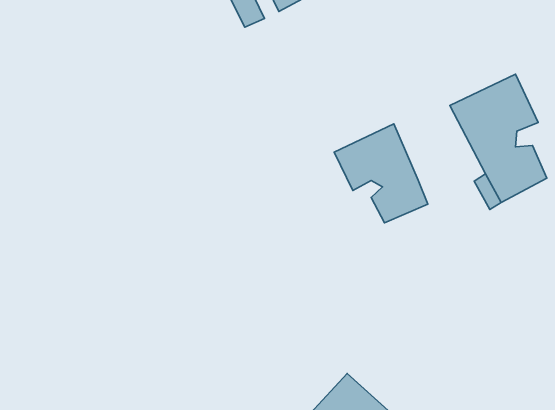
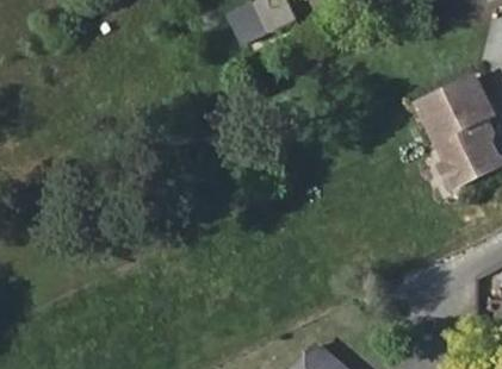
building: [334,124,428,223] -> none

